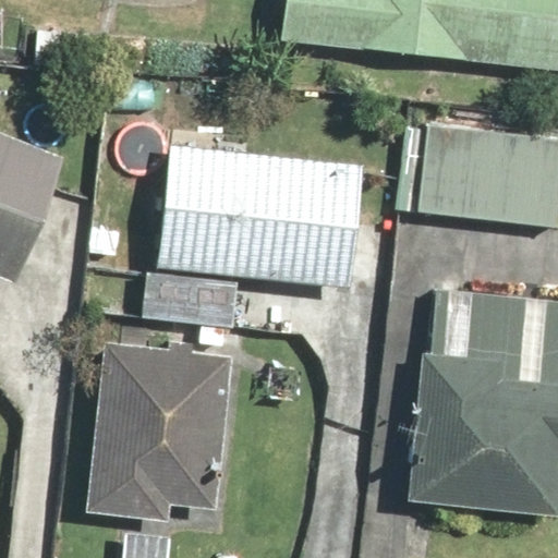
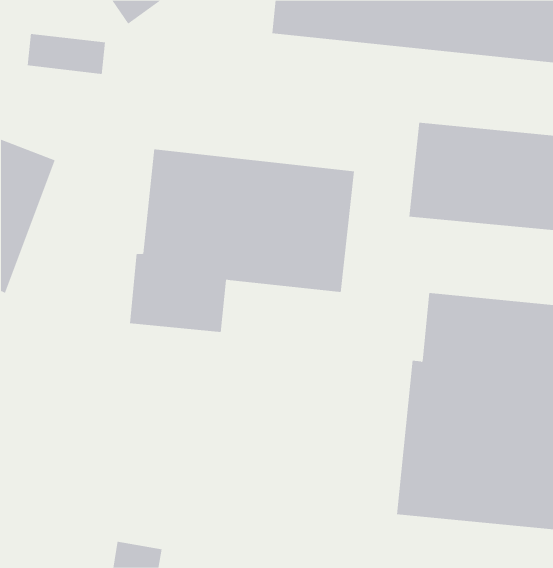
building: [84,342,235,523] -> none

